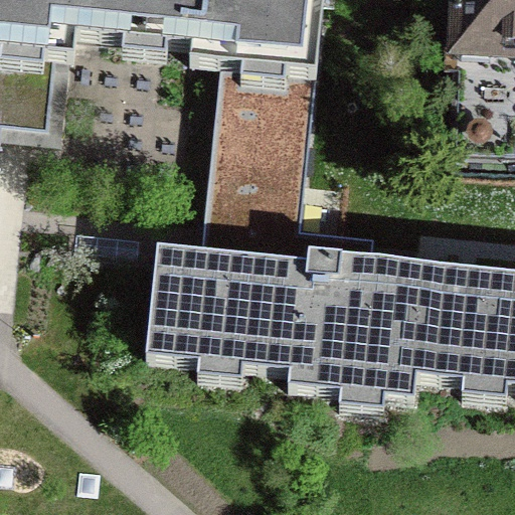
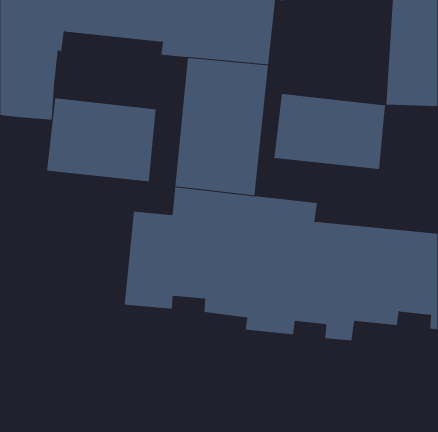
building: none -> [274,93,386,170]
building: none -> [47,97,156,182]

